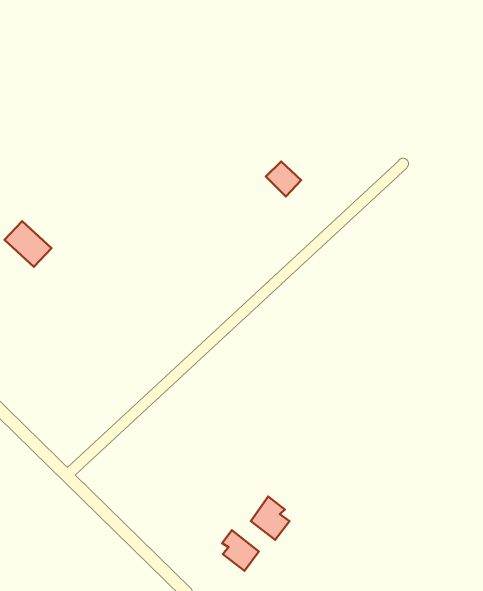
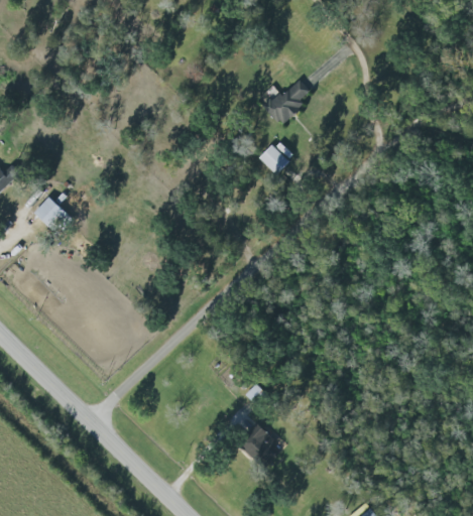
building: none -> [267,79,312,122]
building: [222,530,259,571] -> none

